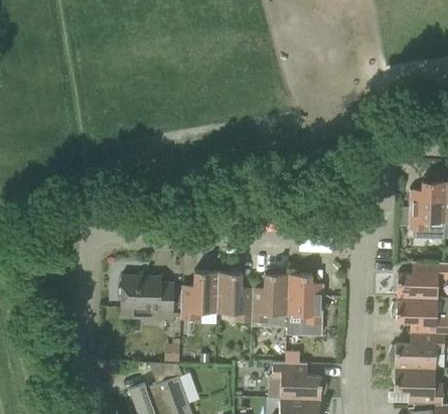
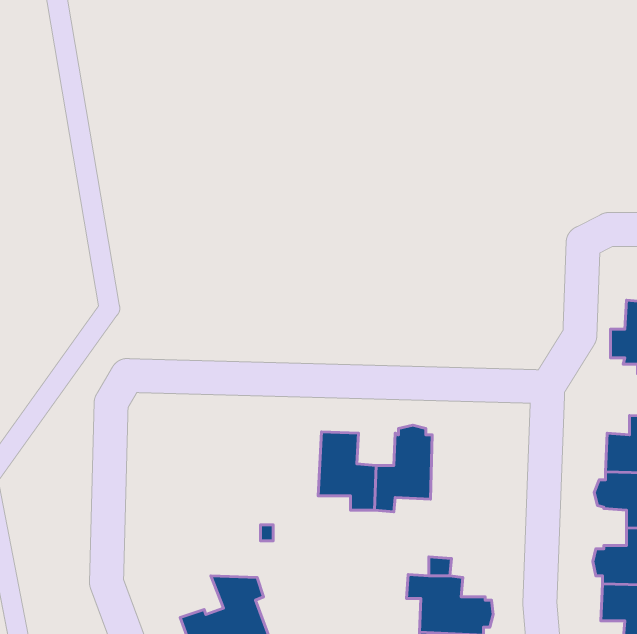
building: [180,272,218,321] -> none
building: [287,275,323,335] -> none
building: [120,276,174,320] -> none

